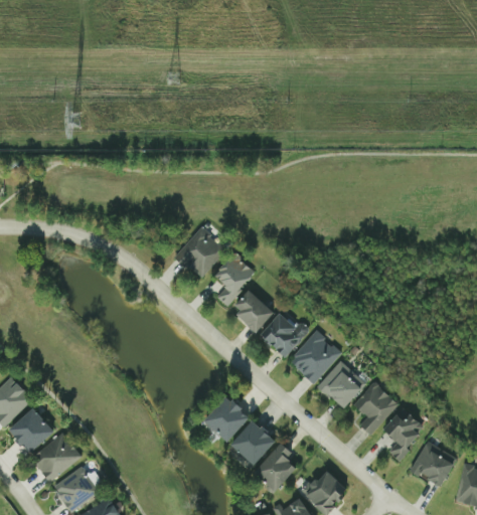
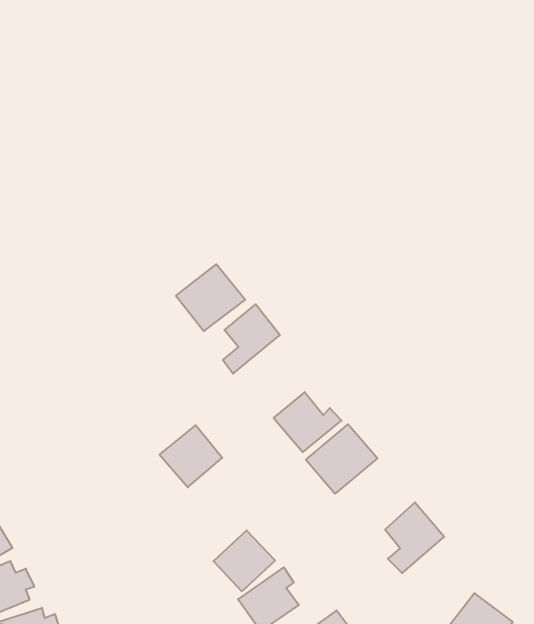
building: [231,289,274,331] -> none
building: [317,361,365,408] -> none
building: [203,395,250,442] -> [160,425,222,487]
building: [383,413,426,460] -> none

